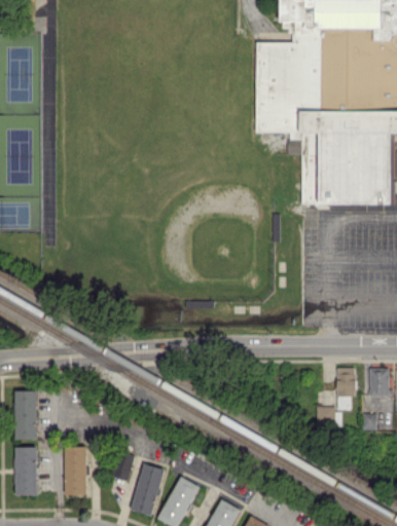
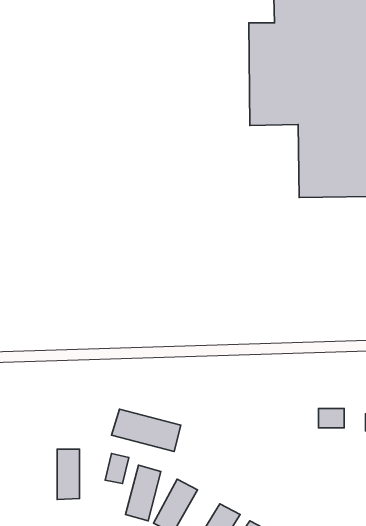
building: [337,368,357,409] -> none
building: [15,390,38,440] -> none
building: none -> [111,409,181,452]
building: [16,447,38,495] -> none

